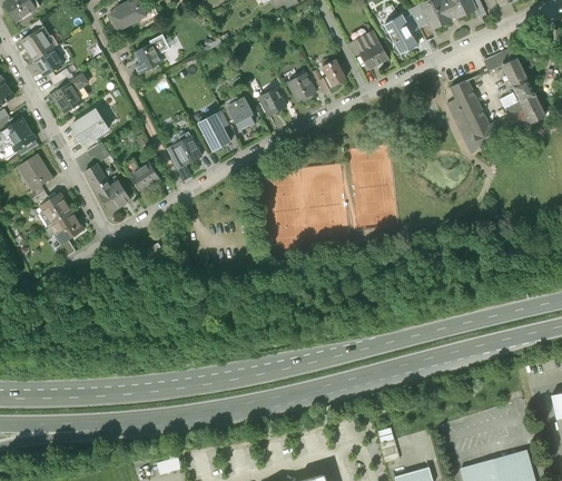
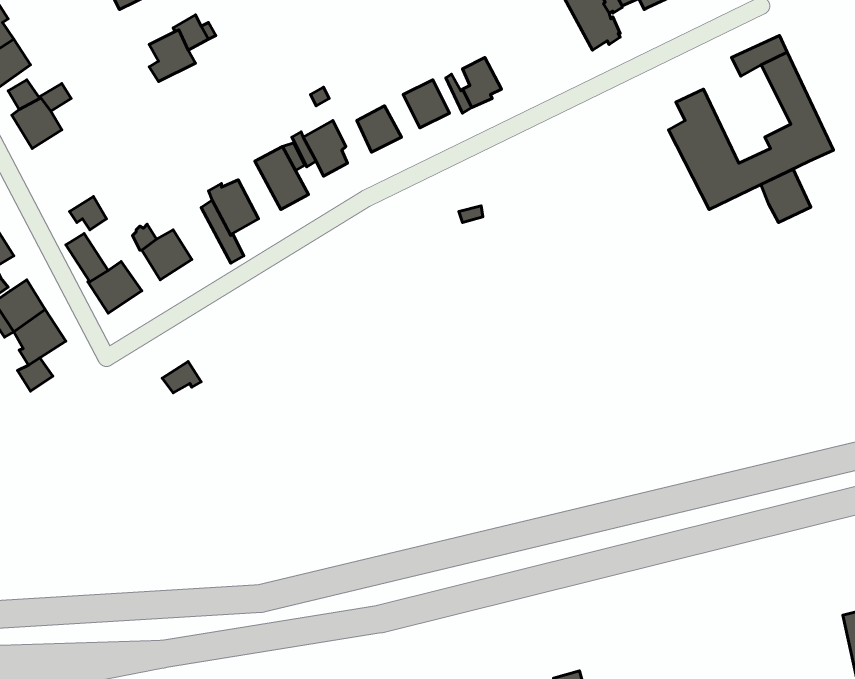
building: [348,31,387,68] -> none
building: [71,106,109,145] -> none
building: none -> [761,169,811,223]

